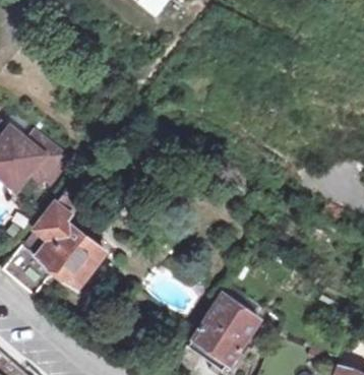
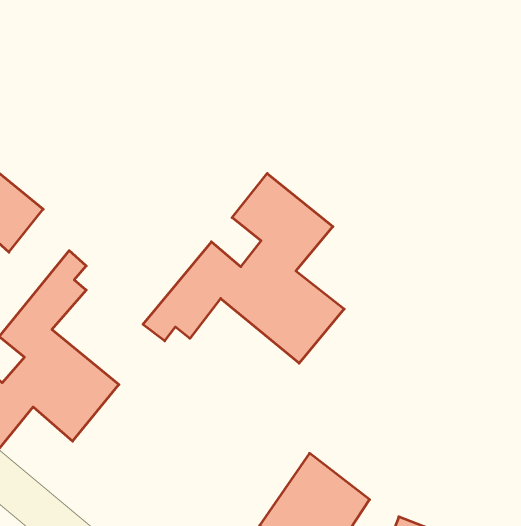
building: none -> [143,173,344,363]

